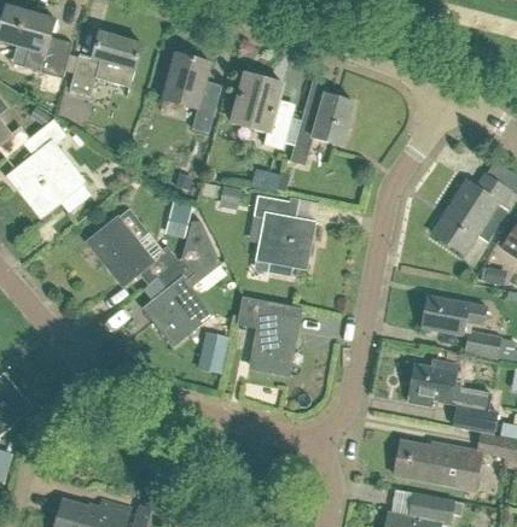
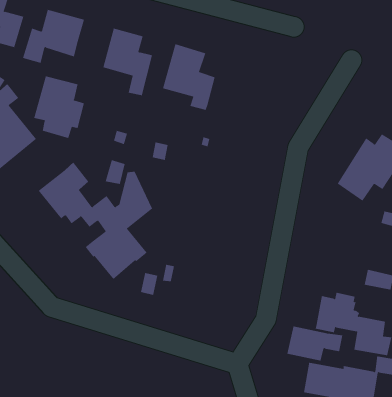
building: [289,94,353,164] -> none
building: none -> [33,75,85,139]
building: [252,194,314,275] -> none
building: [236,295,295,374] -> none
building: [420,295,486,336] -> [287,326,343,361]

